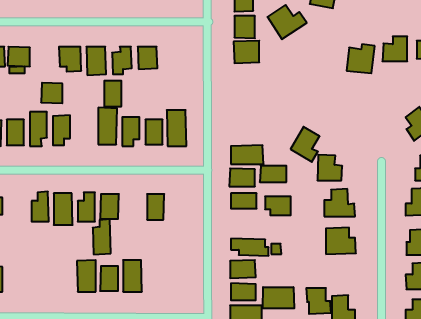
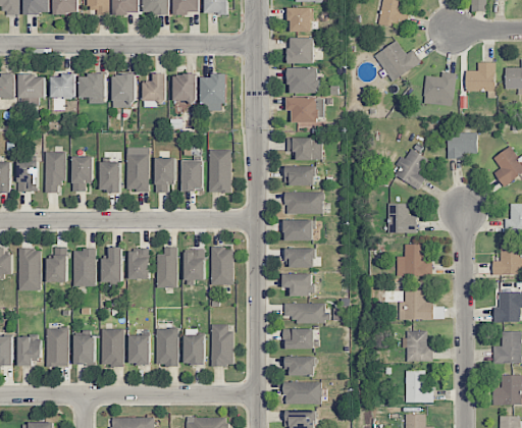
building: [267,5,307,39] -> [374,41,421,82]
building: none -> [202,75,225,111]
building: none -> [286,98,324,123]
building: [104,81,121,106] -> [100,162,120,193]
building: [41,83,62,103] -> [50,74,75,99]
building: none -> [447,132,476,159]
building: none -> [286,138,321,160]
building: [291,127,320,162] -> [394,148,428,190]
building: [260,166,286,182] -> [283,166,315,185]
building: none -> [210,248,233,285]
building: none -> [18,249,41,290]
building: [265,196,291,215] -> [282,273,313,296]
building: [93,219,111,254] -> [156,247,177,288]
building: none -> [210,324,232,366]
building: none -> [46,327,68,367]
building: none -> [184,329,206,364]
building: none -> [74,334,95,365]
building: none -> [18,335,41,366]
building: [263,287,294,308] -> none
building: [306,288,331,314] -> [403,331,432,362]

